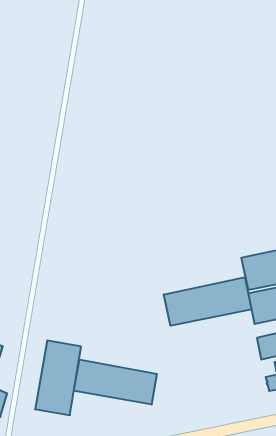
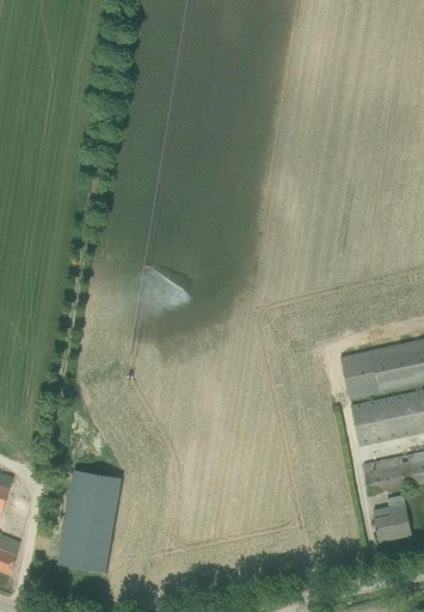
building: [164,277,251,326] -> none
building: [74,359,157,405] -> none

